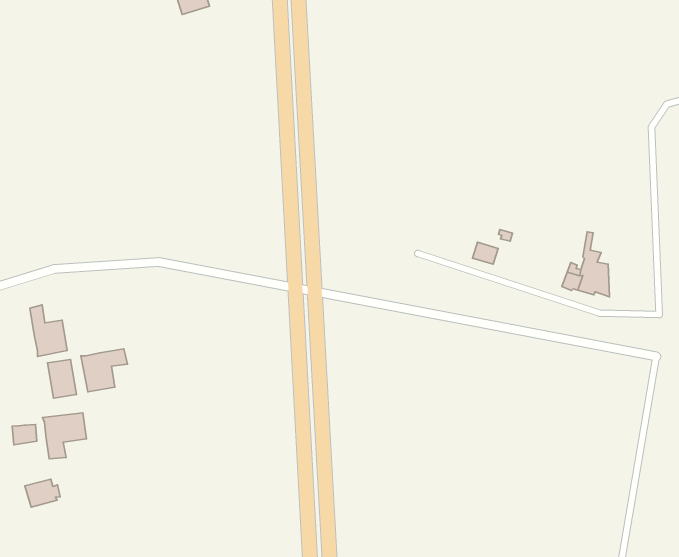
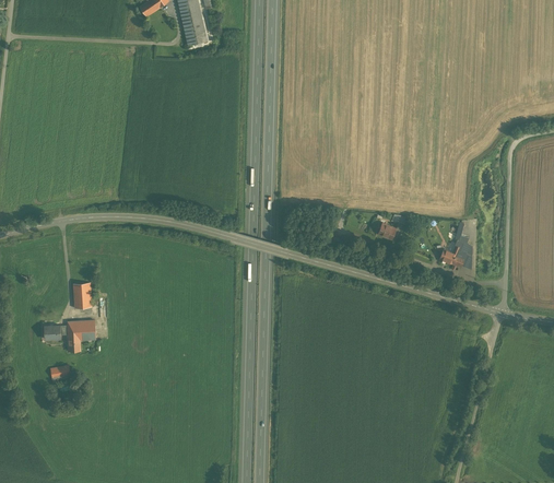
building: [30,305,67,357] -> none
building: [81,349,127,392] -> none

